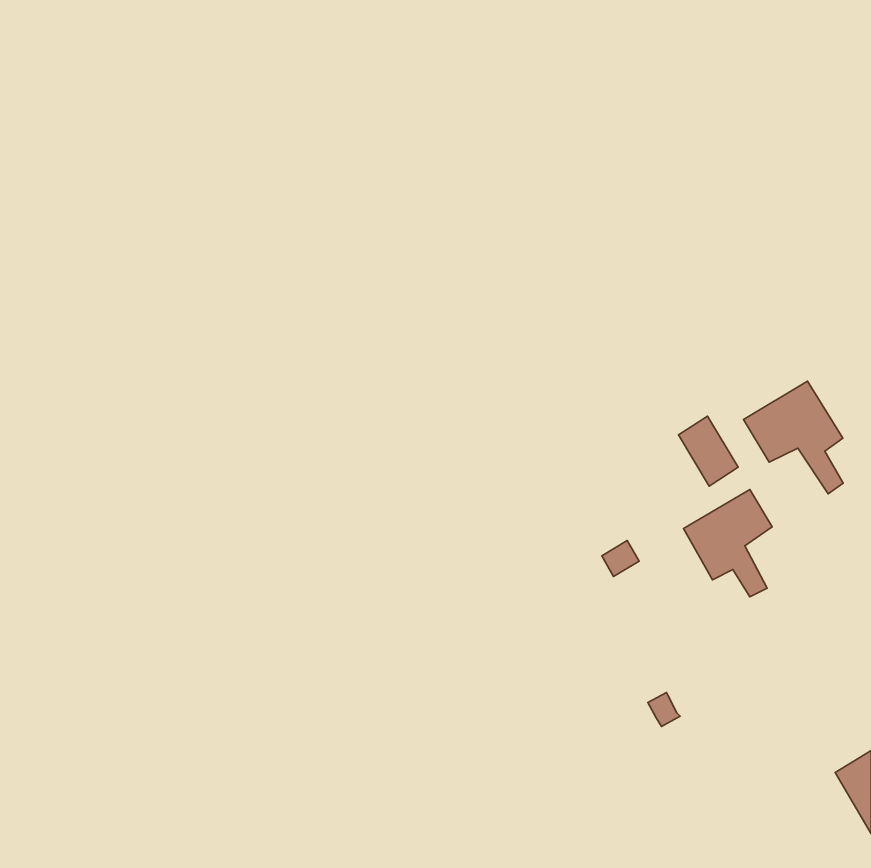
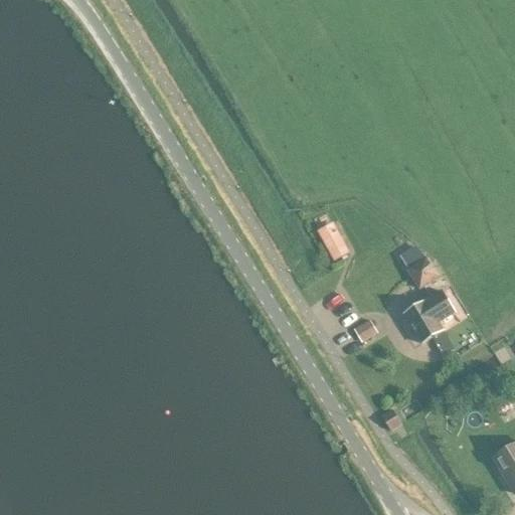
building: none -> [317,220,348,259]
building: [744,381,843,494] -> none

